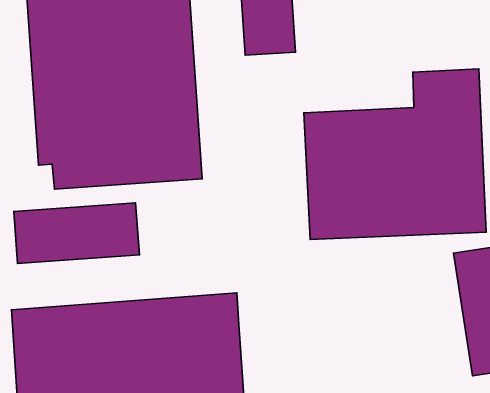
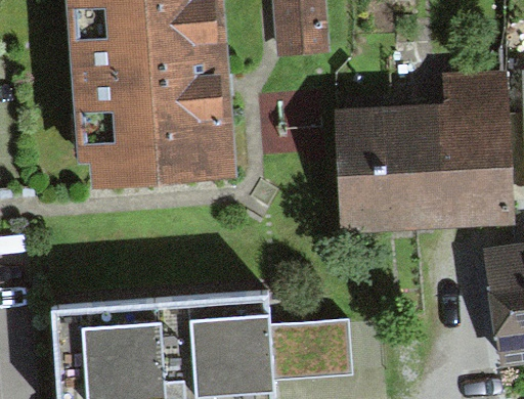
building: [14,203,139,263] -> none
building: none -> [272,315,352,378]

